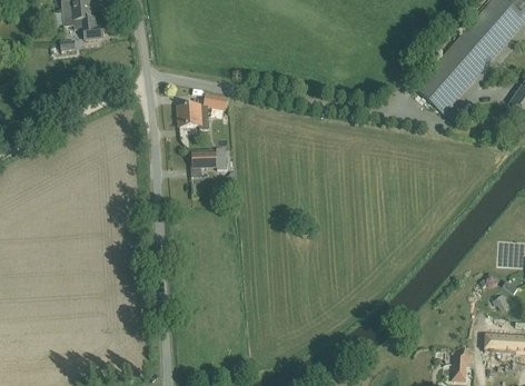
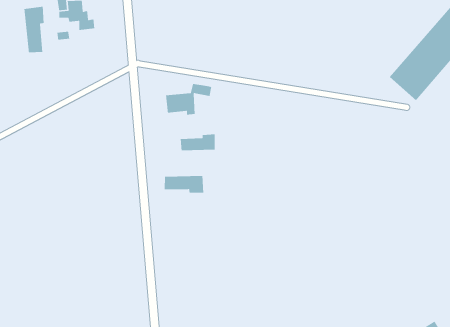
building: none -> [24,6,45,53]
building: none -> [164,175,204,194]

